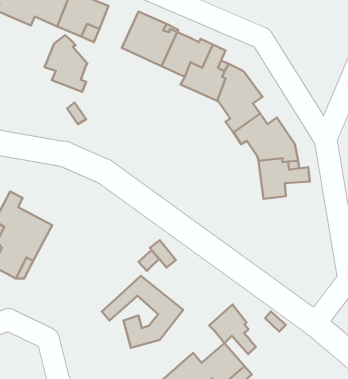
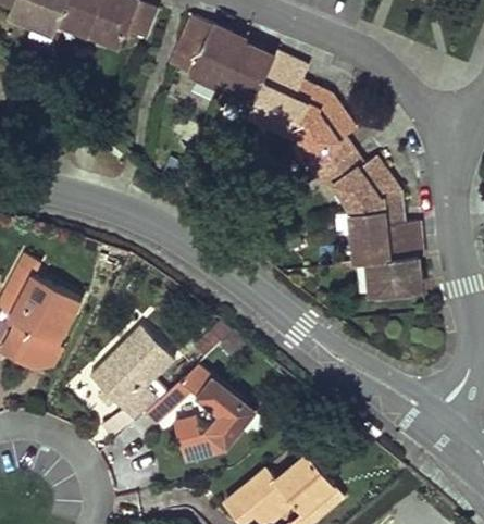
building: [45,35,87,92] -> none
building: none -> [370,240,421,295]
building: none -> [90,326,173,421]
building: [209,305,256,354] -> none

